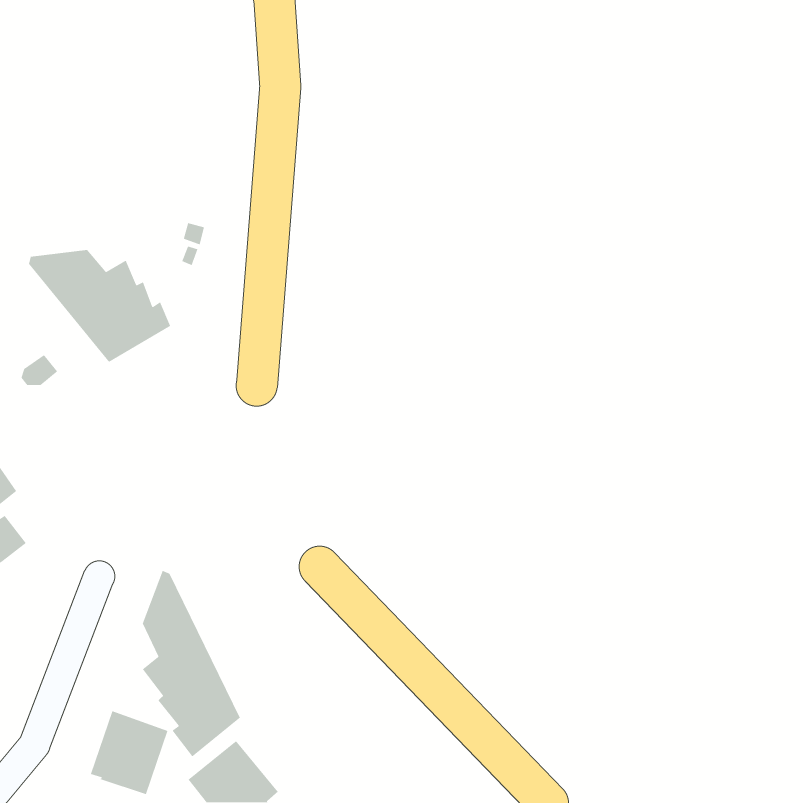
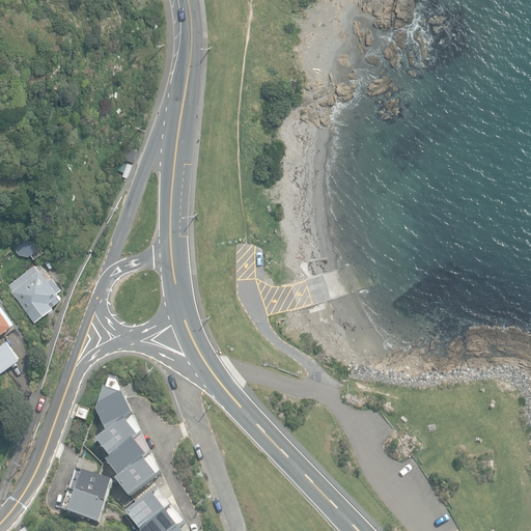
building: [28,249,171,363] -> none
building: none -> [5,264,60,322]

